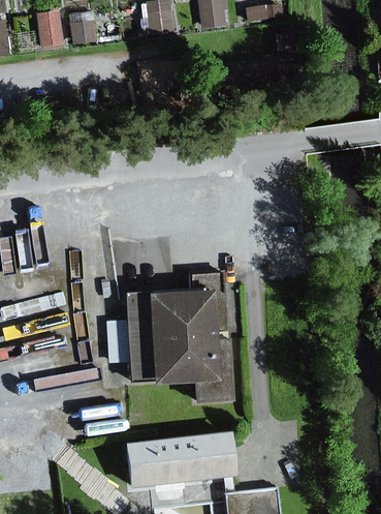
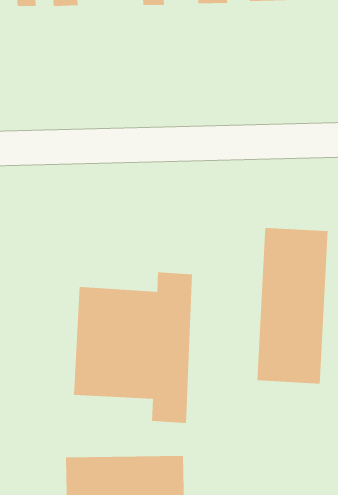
building: none -> [257,227,328,384]

